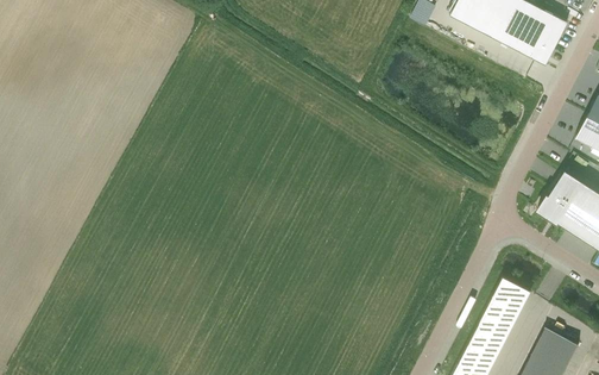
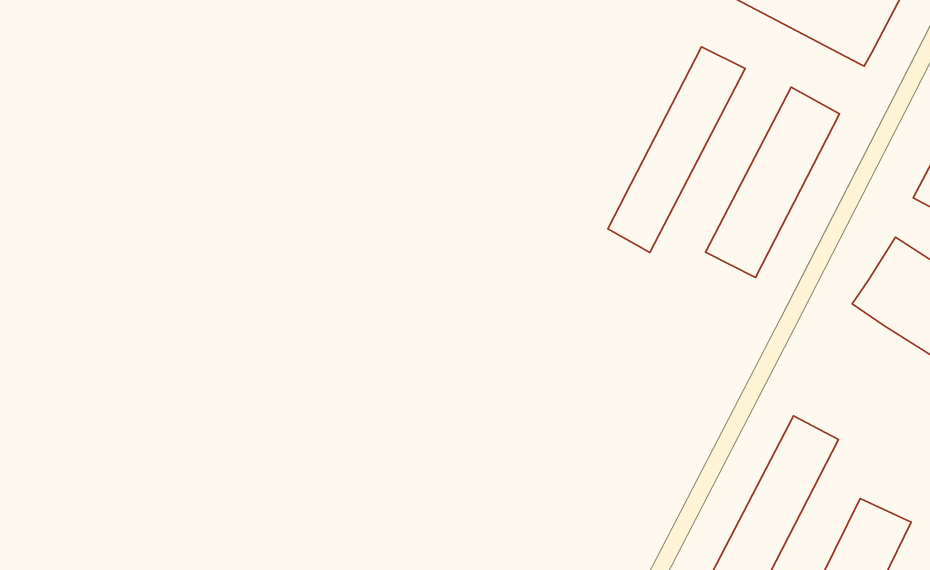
building: none -> [608,47,745,252]
building: none -> [705,87,840,278]

